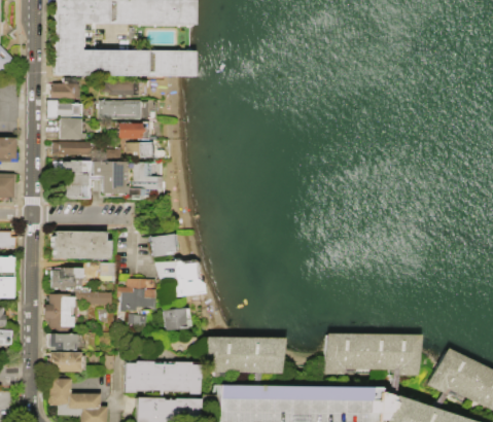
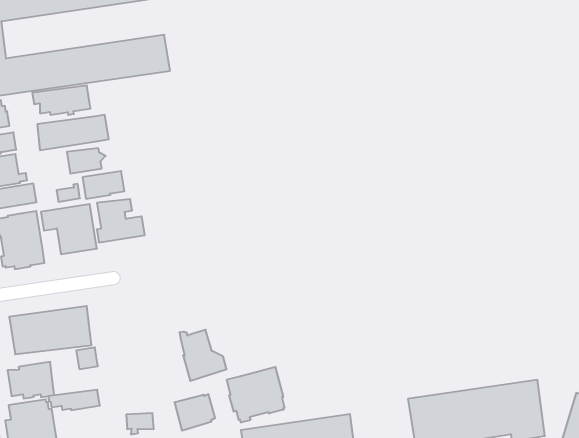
building: [147,234,176,256] -> none
building: [116,278,154,311] -> none
building: none -> [227,367,285,423]

